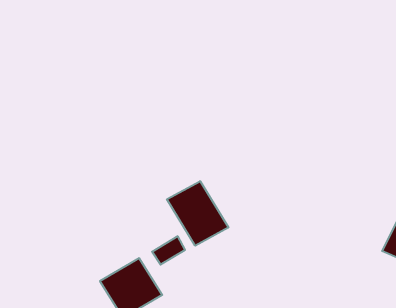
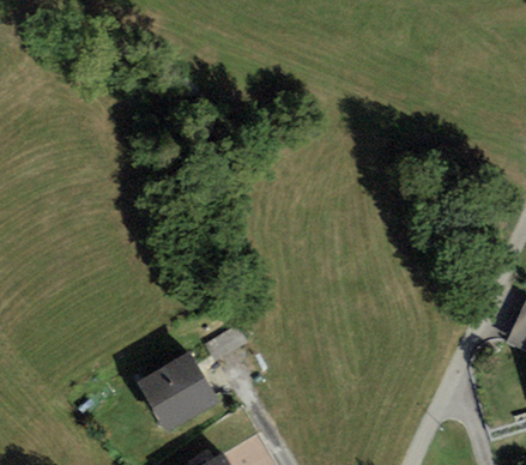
building: [167,181,228,246] -> none

